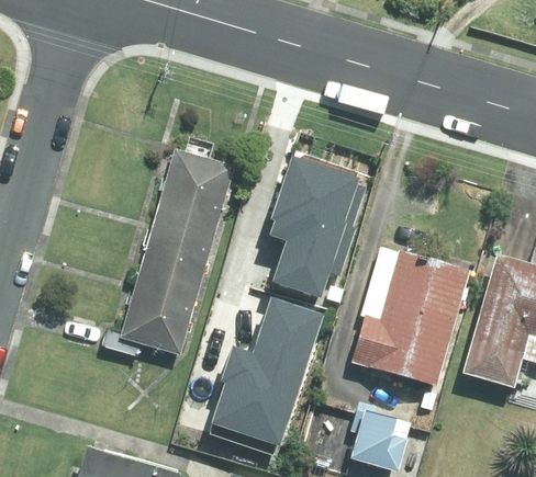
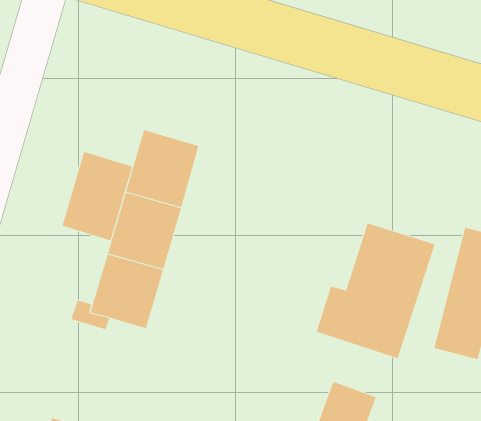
building: [267,159,365,296] -> none
building: none -> [62,151,133,241]
building: [206,298,319,443] -> none

